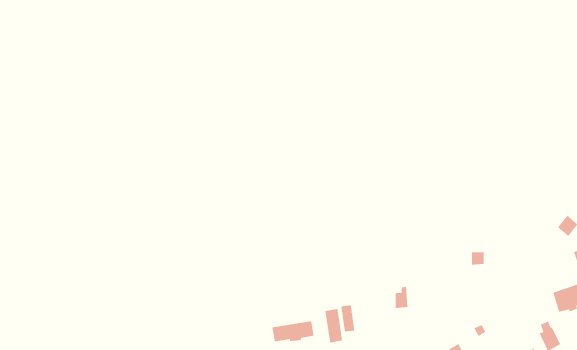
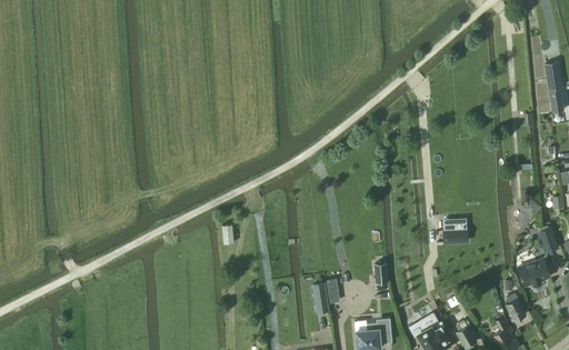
building: [272,321,314,342] -> none

